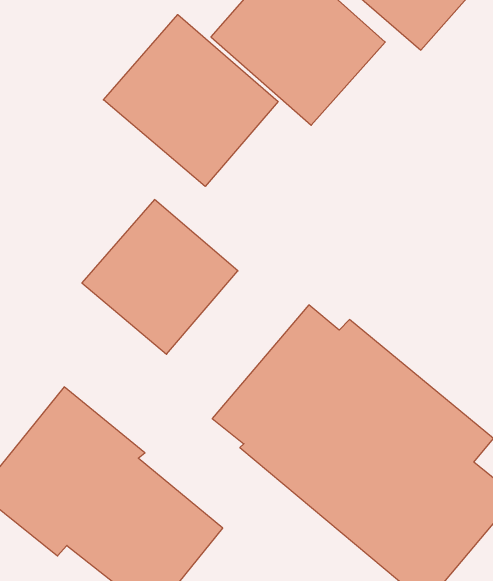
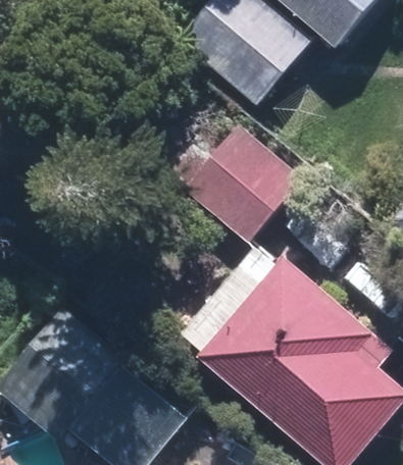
building: [103,15,278,186] -> none
building: [82,200,238,354] -> [179,124,299,244]

